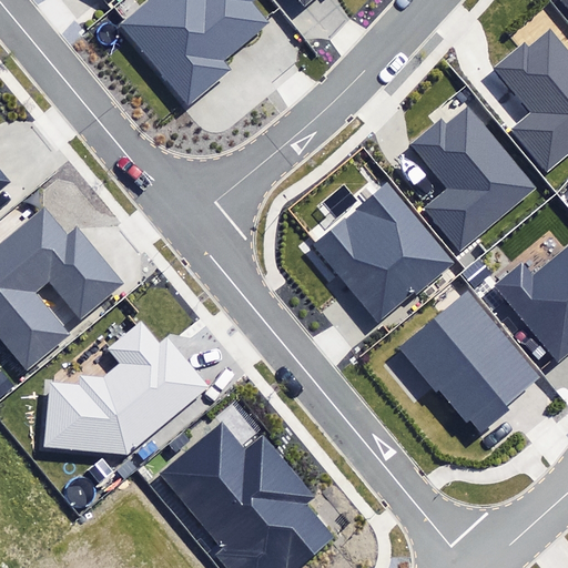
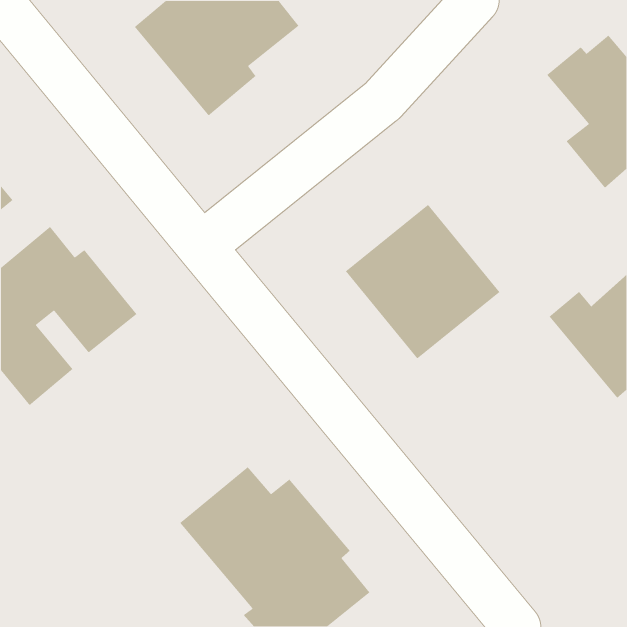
building: [409,106,537,253] -> none
building: [400,290,545,430] -> none
building: [43,323,210,455] -> none

